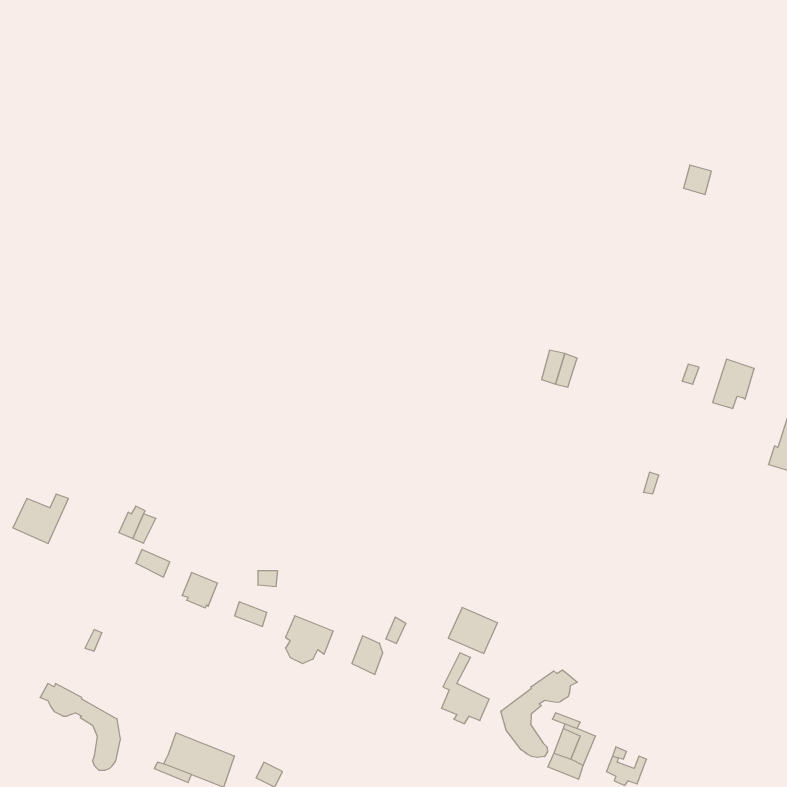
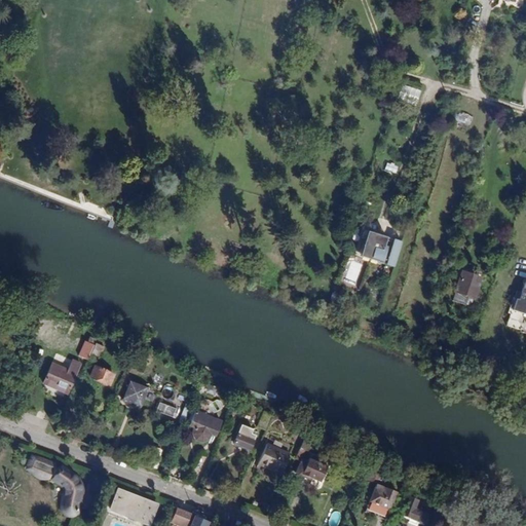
building: [713,359,754,409] -> [452,270,480,303]
building: [13,494,68,543] -> [44,360,81,392]
building: [448,607,498,654] -> [258,443,291,474]
building: [501,670,577,757] -> none

